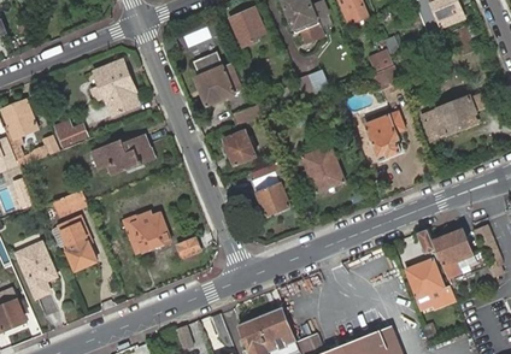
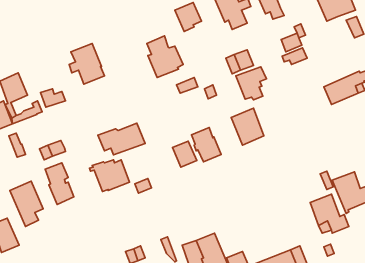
building: [364,112,404,155] -> [236,67,266,100]
building: [223,130,254,164] -> [173,141,197,167]
building: [90,132,152,173] -> [98,123,145,155]

